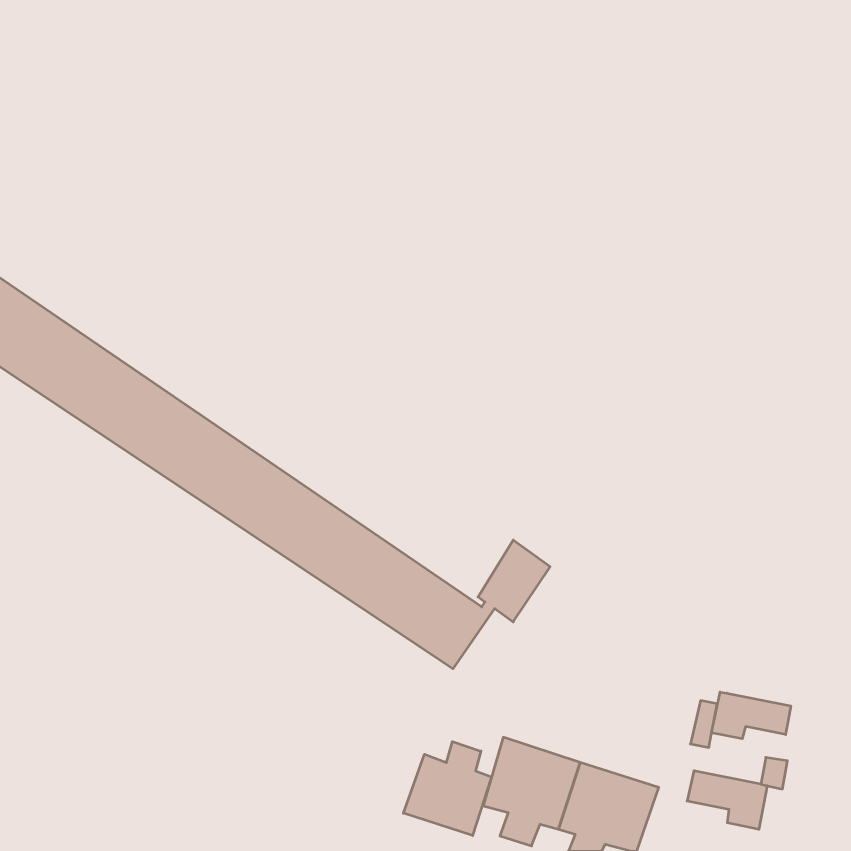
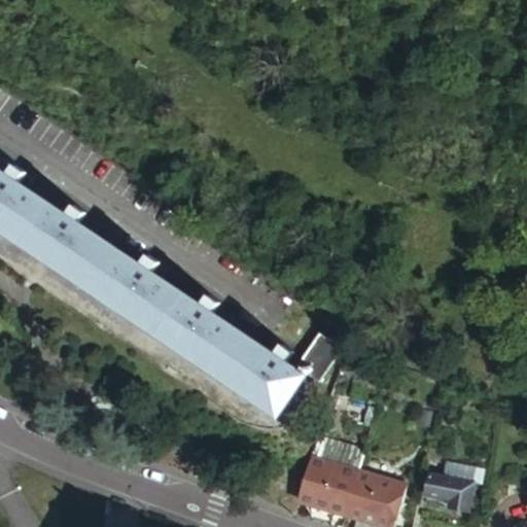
building: [712,692,791,739] -> none
building: [403,742,492,836] -> none

